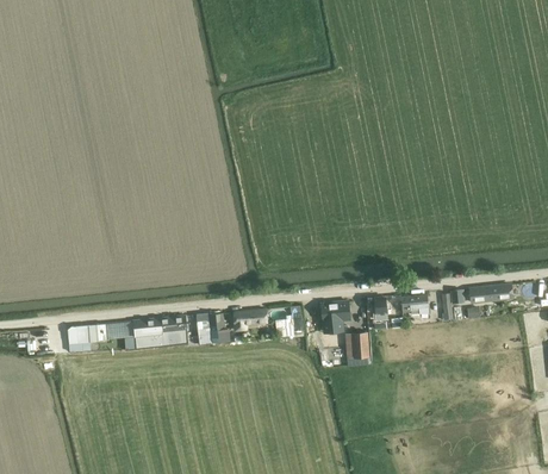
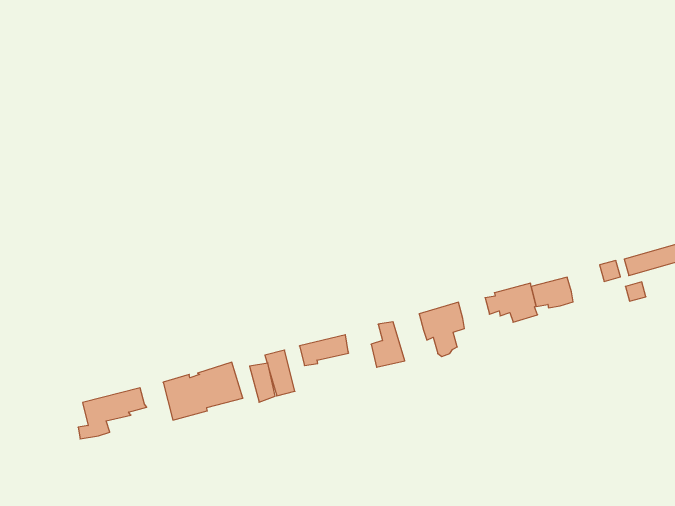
building: [344,332,369,366] -> none

